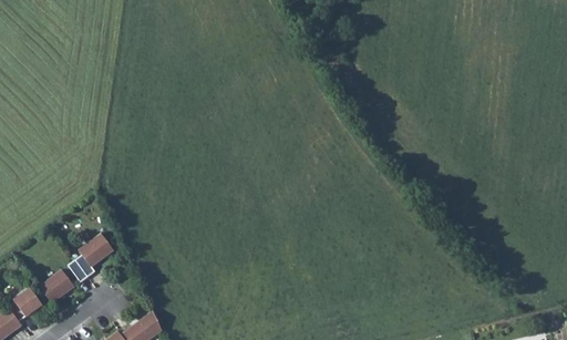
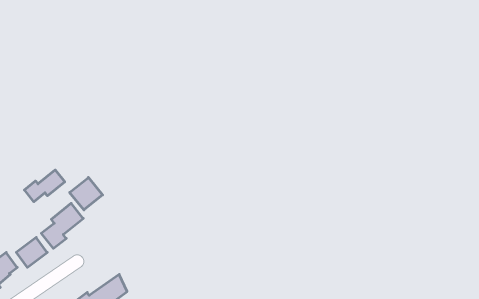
building: none -> [24,170,65,202]
building: none -> [70,177,103,210]

